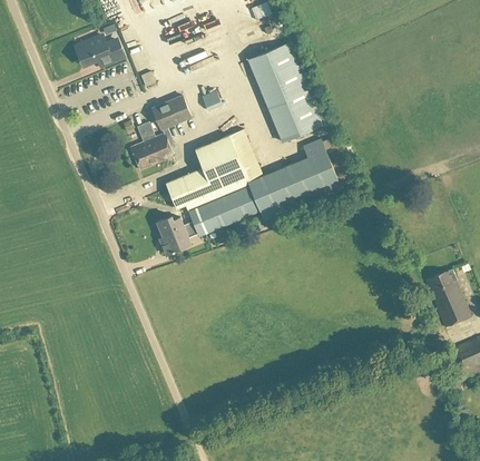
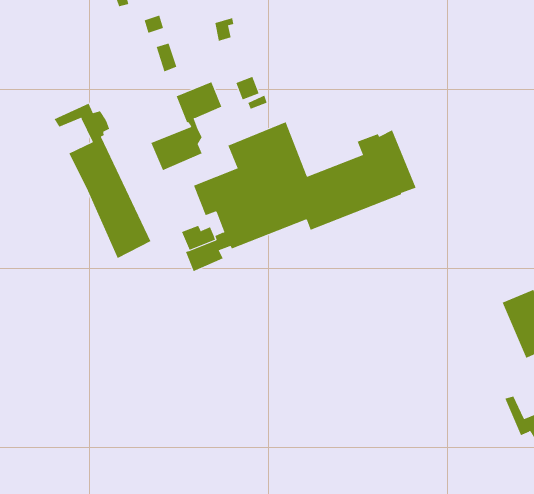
building: [77,36,121,66] -> none
building: [247,42,324,143] -> none
building: none -> [54,103,151,259]

